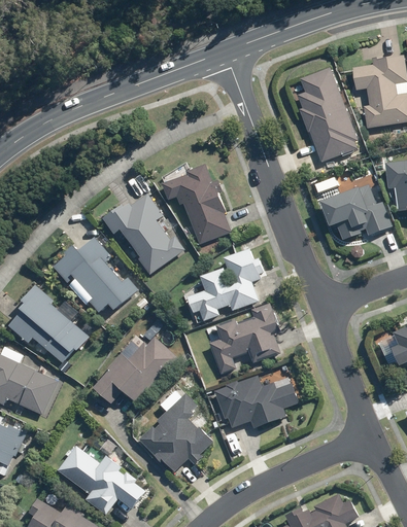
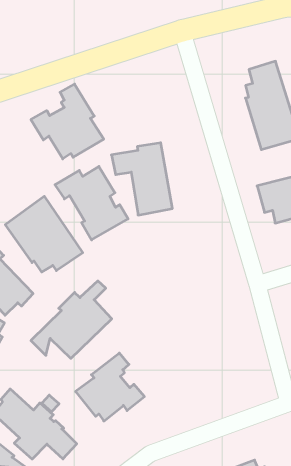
building: none -> [31,84,104,159]
building: [191,249,265,318] -> none
building: [215,306,280,371] -> none
building: [218,377,298,424] -> none

